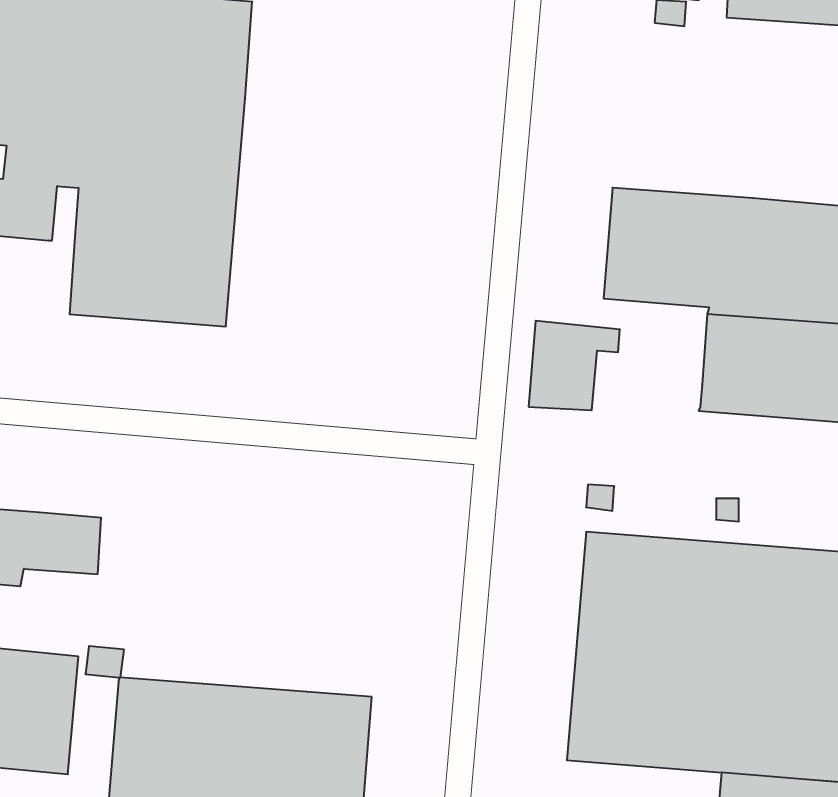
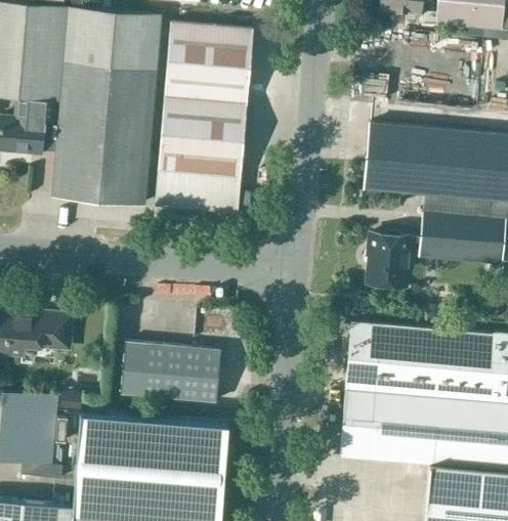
building: none -> [156,21,253,211]
building: [529,321,620,410] -> [367,233,420,286]
building: none -> [119,343,219,402]

